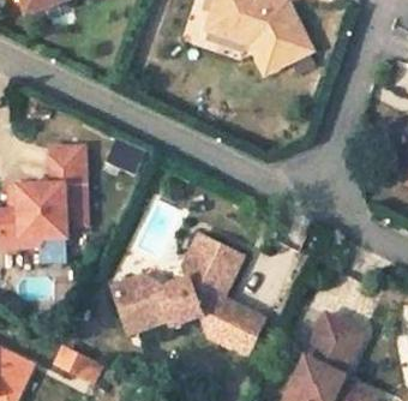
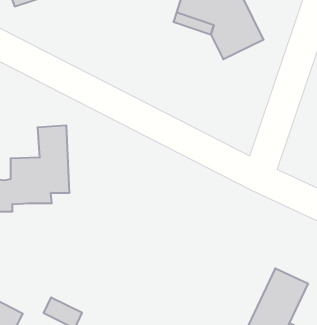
building: [114,235,265,354] -> none

